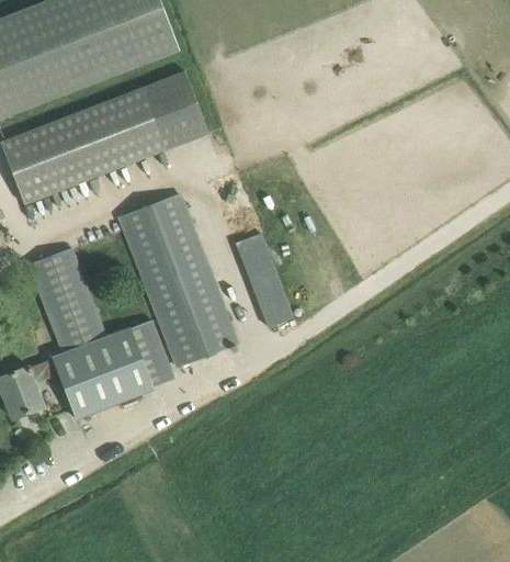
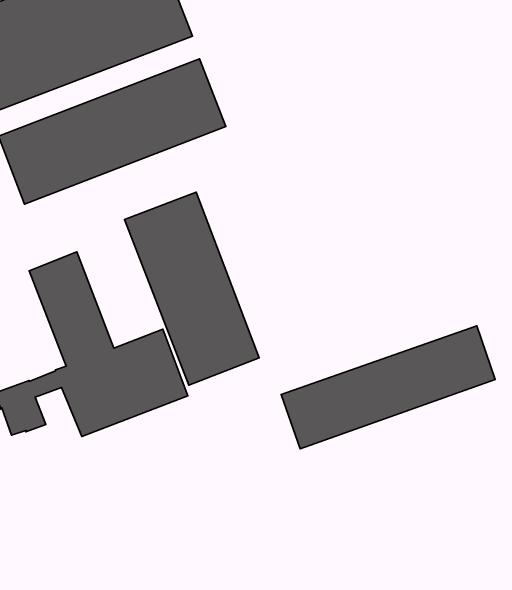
building: [236,231,293,327] -> none
building: none -> [281,326,495,449]

